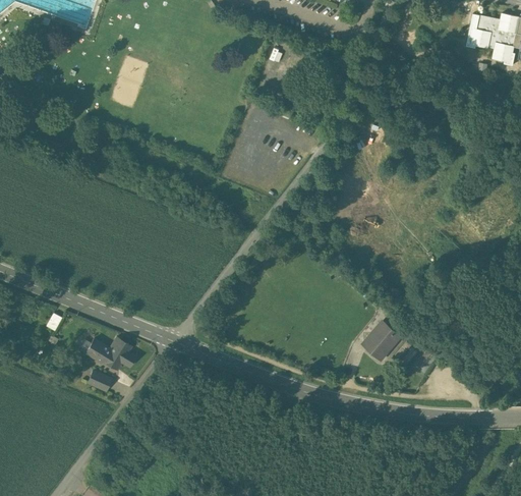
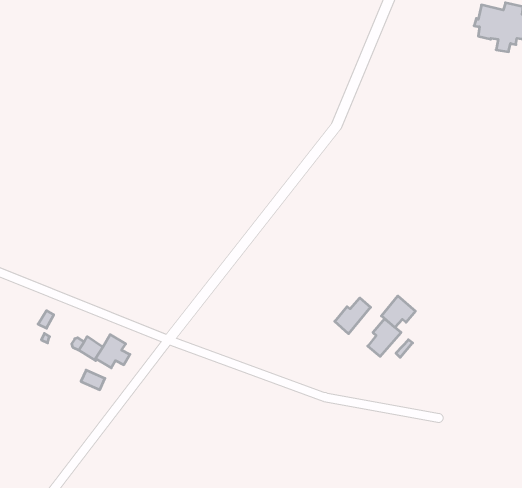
building: none -> [381,296,415,327]
building: none -> [335,298,371,334]

